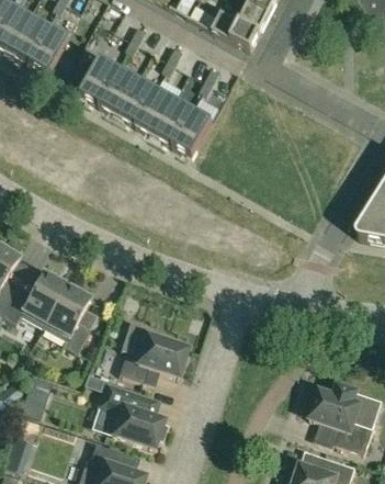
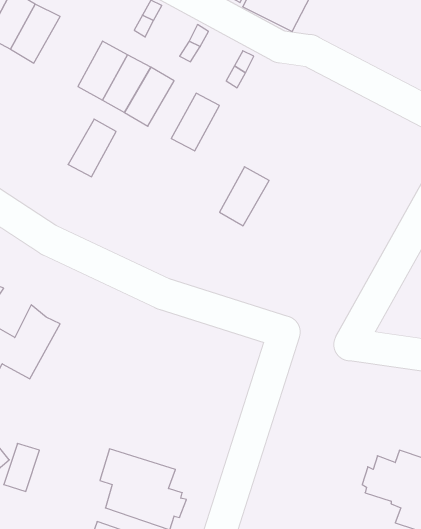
building: [136,87,174,133] -> [68,119,116,177]
building: [173,106,213,154] -> [220,167,269,226]
building: [42,281,91,349] -> none
building: [118,317,188,379] -> none

